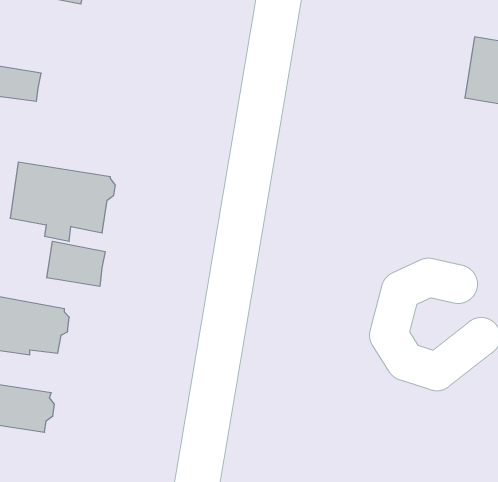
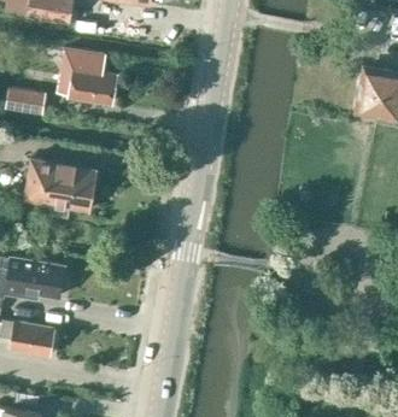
building: none -> [58,46,116,104]
building: [47,241,105,286] -> none

